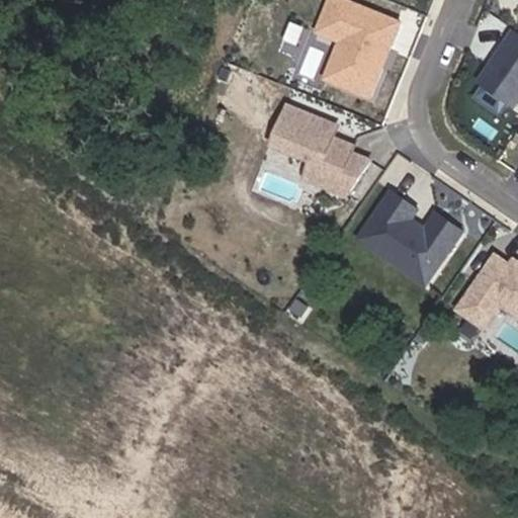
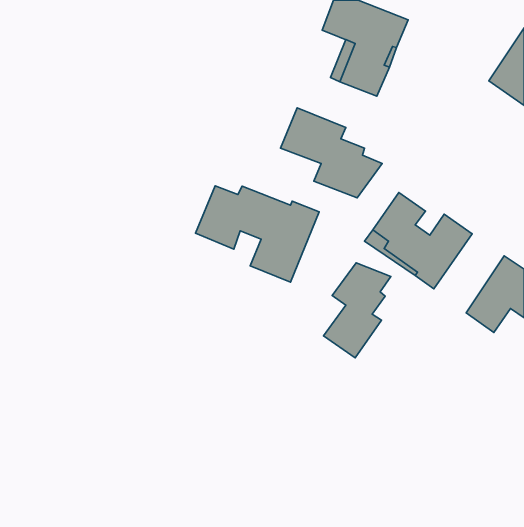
building: none -> [195,186,319,282]
building: none -> [324,263,391,358]

